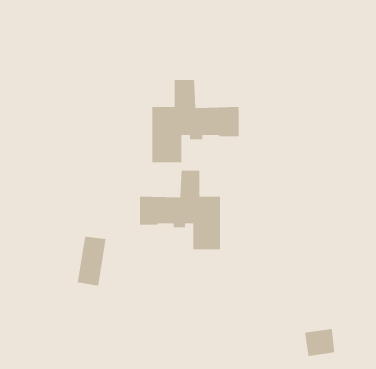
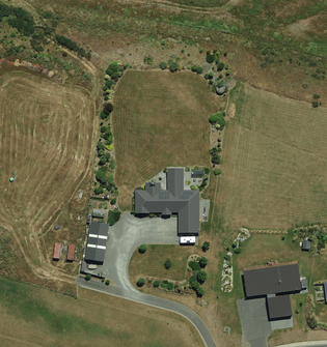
building: [151,79,240,163] -> none
building: none -> [242,263,301,296]

